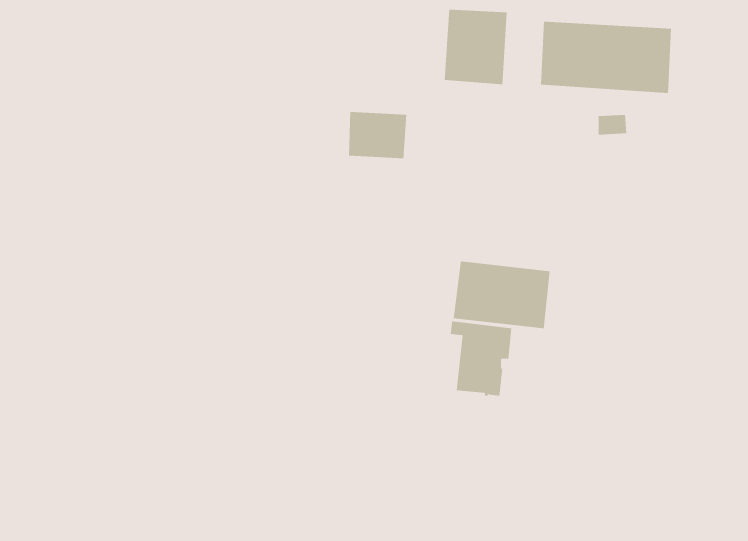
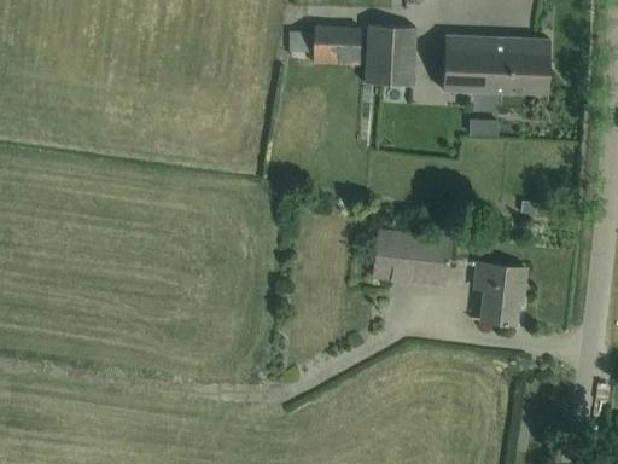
building: [348,111,407,159] -> [314,25,362,64]
building: [450,321,512,396] -> [476,262,526,324]

